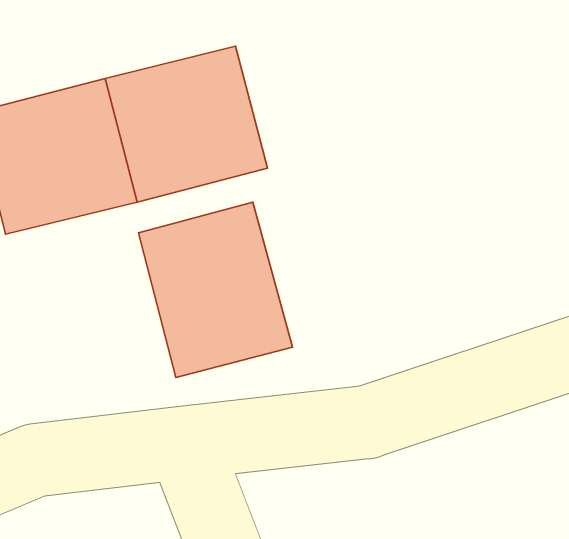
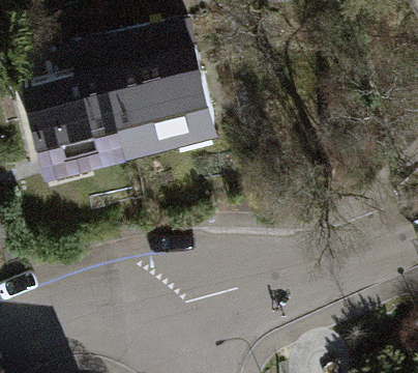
building: [138,202,292,377] -> none

